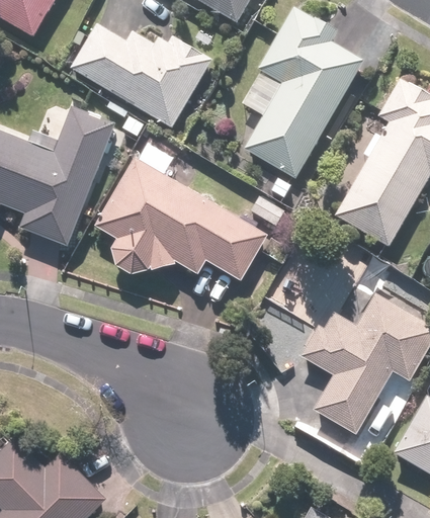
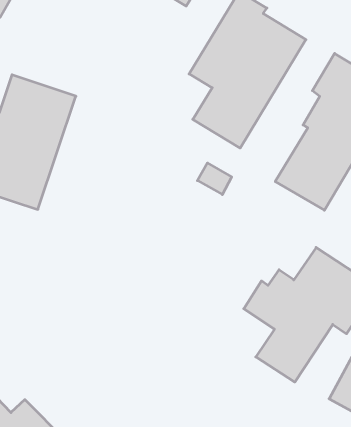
building: [71,23,214,130] -> none
building: [92,143,268,280] -> none

